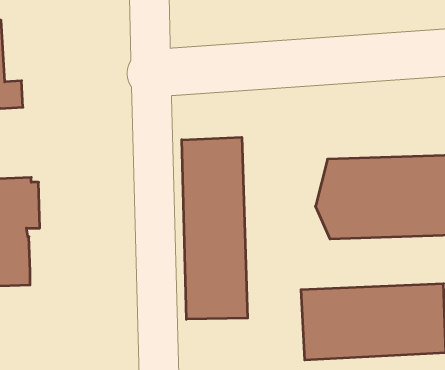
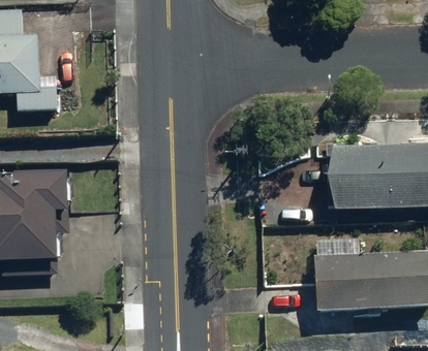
building: [182,137,248,319] -> none

